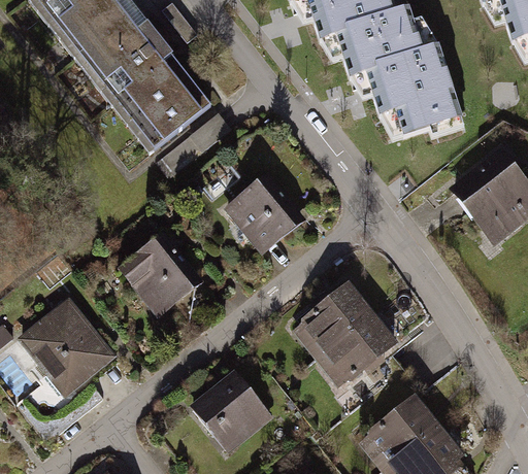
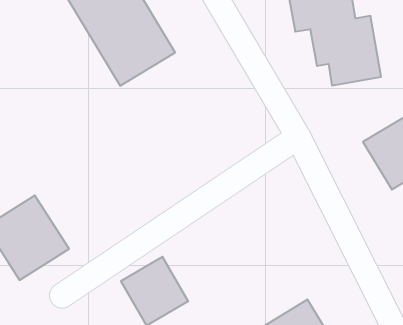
building: [230,180,310,262] -> none
building: [121,251,200,334] -> none
building: [289,273,394,378] -> none

